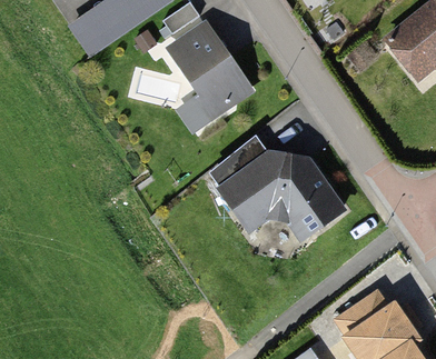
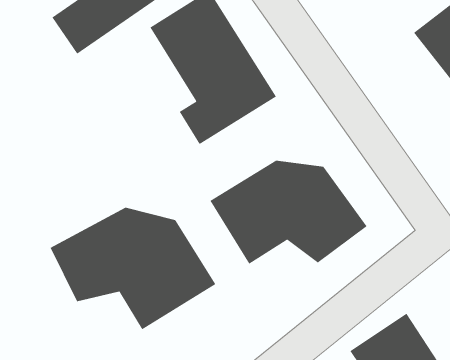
building: none -> [50,207,216,330]

